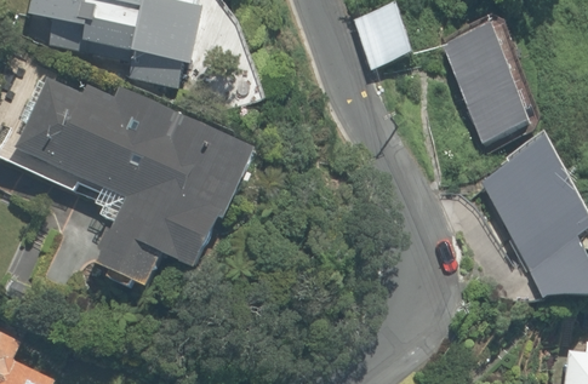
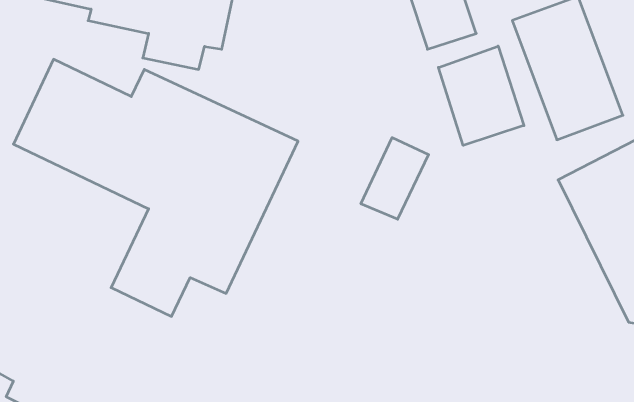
building: none -> [438,46,524,145]
building: none -> [361,138,429,219]

